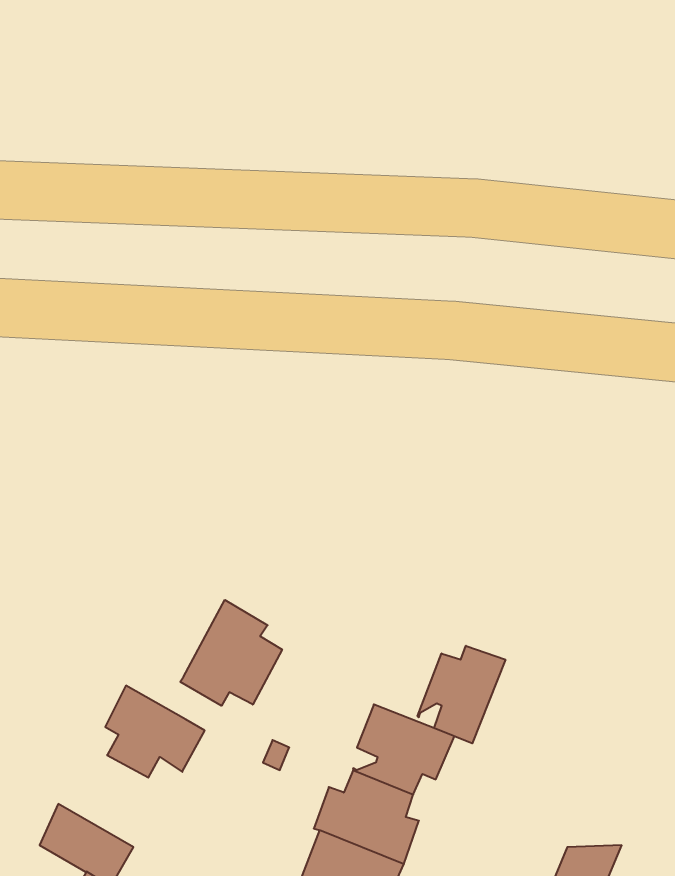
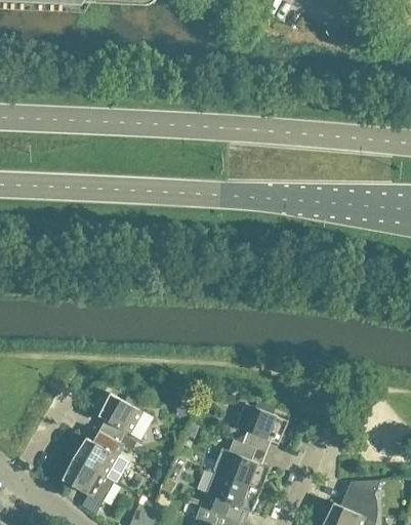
building: [180,600,282,706] -> none
building: [417,646,505,743] -> none
building: none -> [71,432,126,484]

